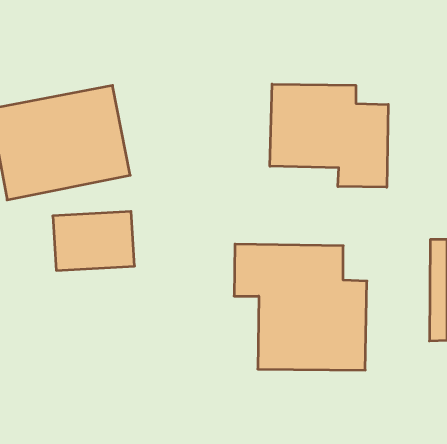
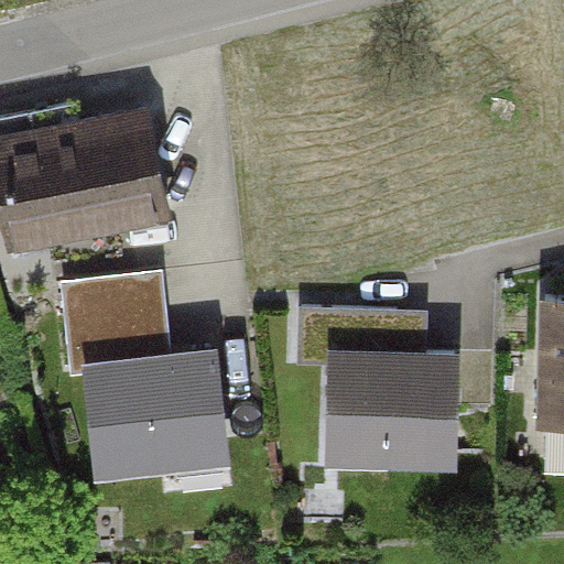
building: [270,84,388,187] -> none
building: none -> [90,360,219,468]

